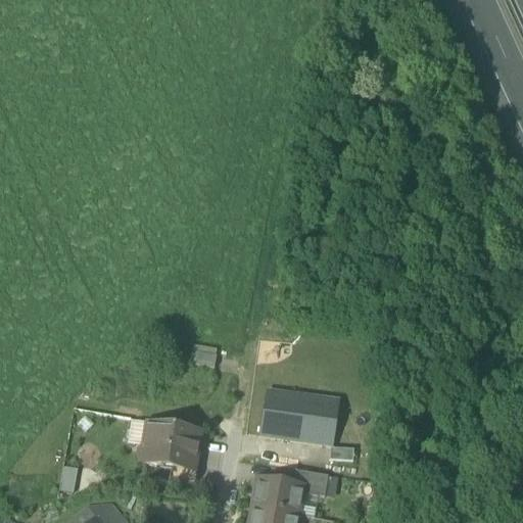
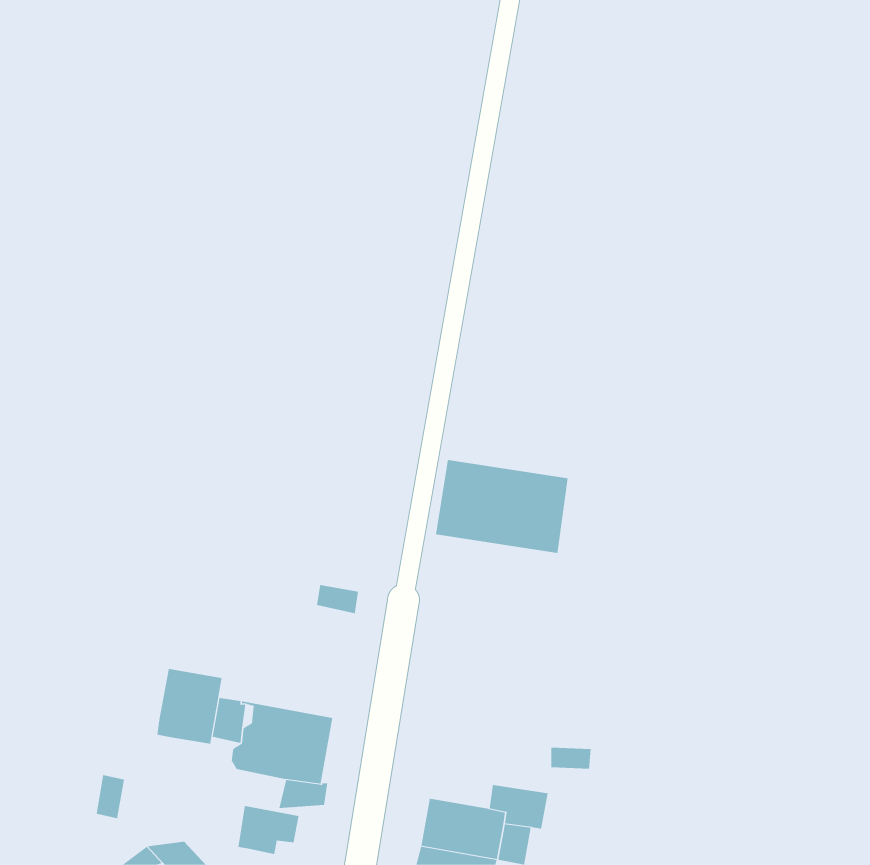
building: [260,388,340,444] -> [435,459,568,553]
building: none -> [157,668,222,744]
building: none -> [238,805,299,855]

